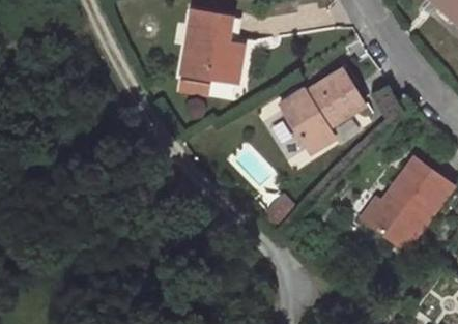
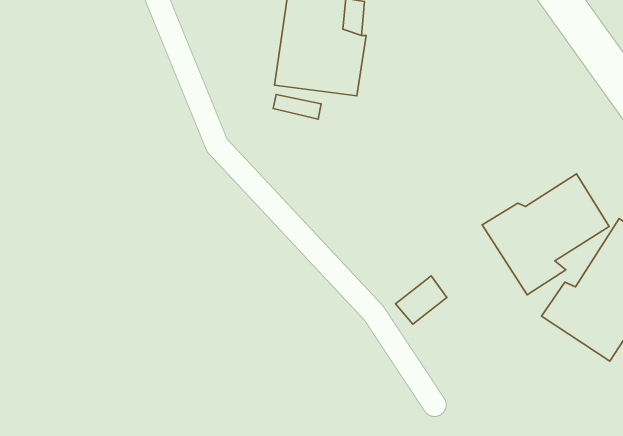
building: [282,64,367,145] -> [482,174,609,295]

